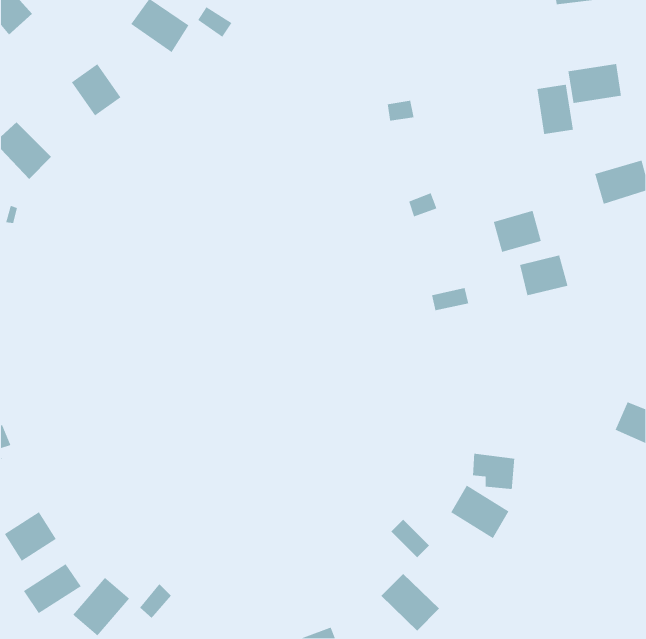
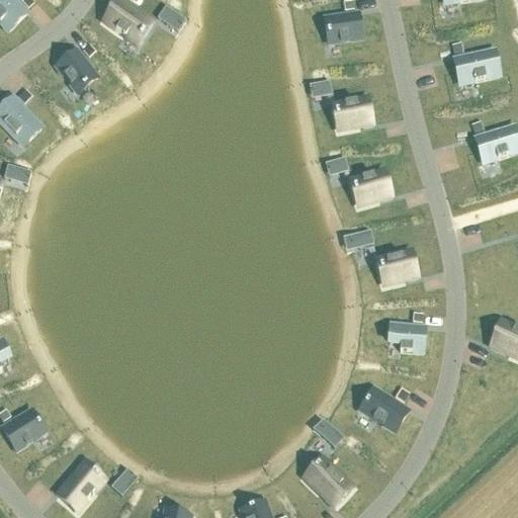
building: none -> [325,12,362,42]
building: [536,84,574,135] -> none
building: none -> [334,97,371,128]
building: [493,210,542,253] -> [351,170,391,204]
building: [519,254,569,296] -> [377,250,417,283]
building: [472,453,515,490] -> [390,323,424,352]
building: [23,563,82,614] -> none

